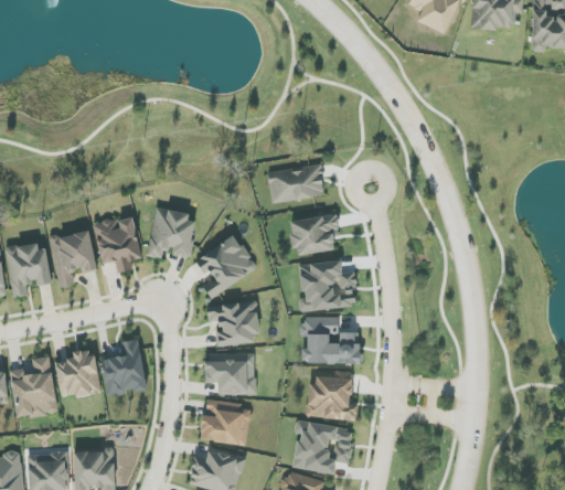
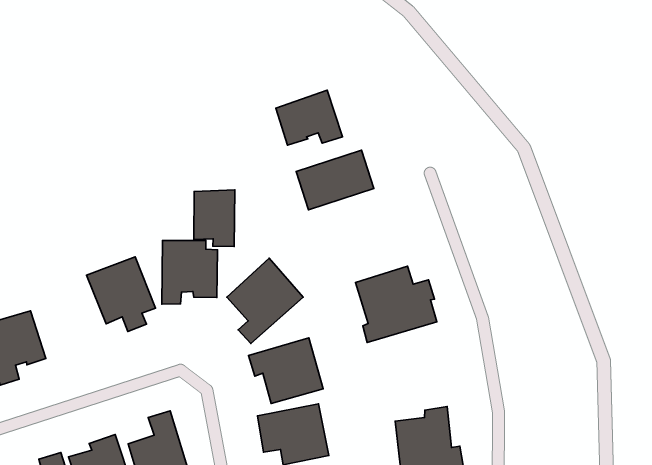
building: none -> [276,90,342,145]
building: none -> [194,190,235,247]
building: [289,213,340,255] -> none
building: [49,230,96,287] -> none
building: [301,316,359,362] -> none

